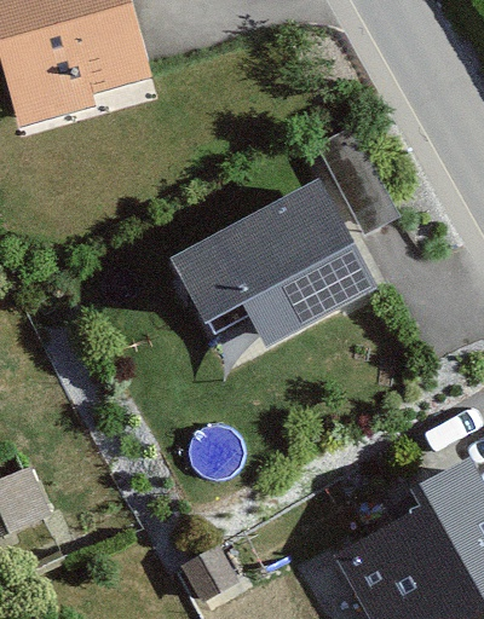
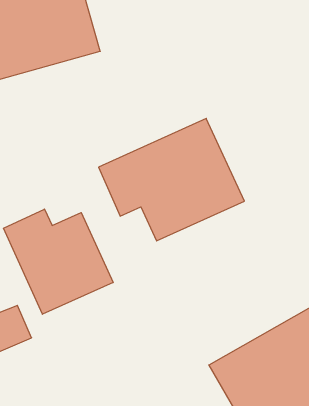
building: none -> [3,209,113,314]

